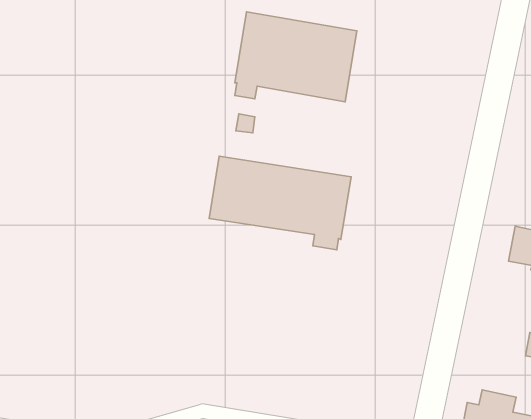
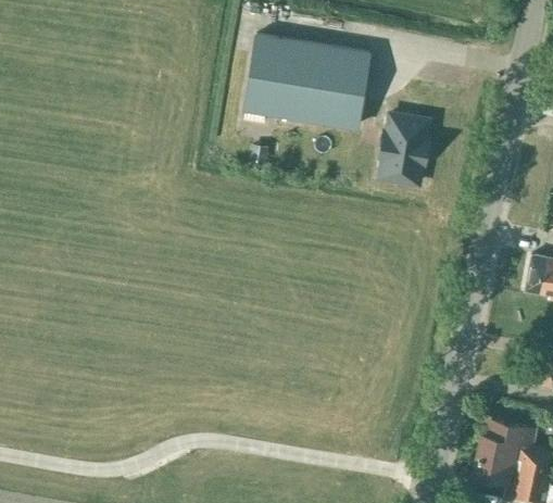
building: none -> [379,112,432,186]
building: [209,156,351,250] -> none

